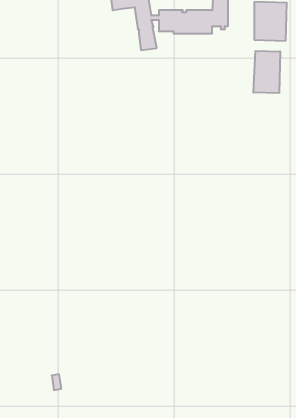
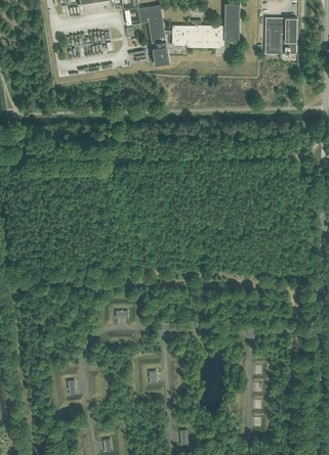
building: [253,51,280,93] -> none

